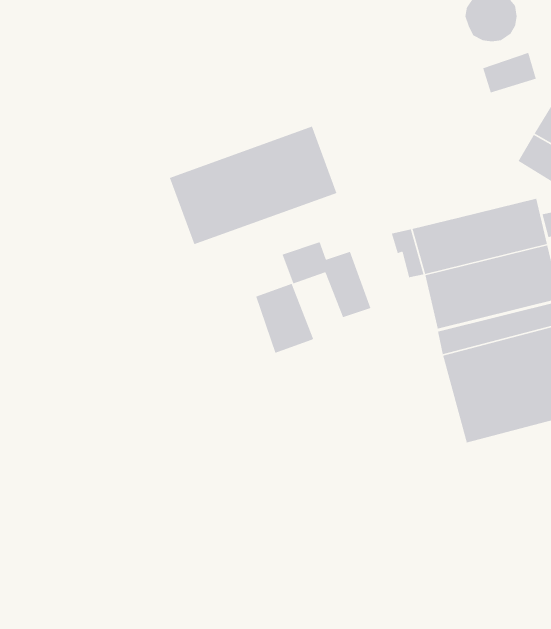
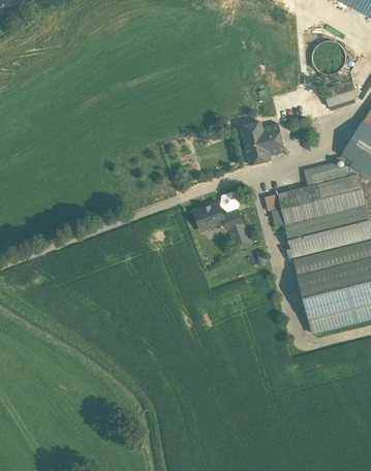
building: none -> [241,122,285,165]
building: [169,126,338,245] -> none
building: none -> [303,162,358,187]
building: [255,283,314,354] -> none

